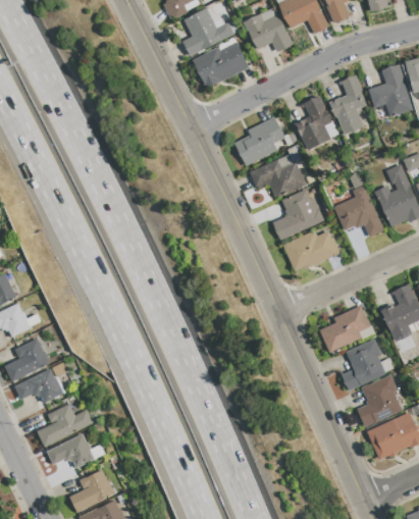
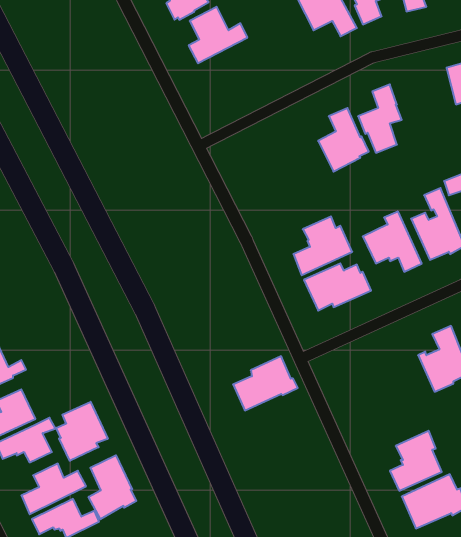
building: [243,6,293,52] -> none
building: [192,41,248,89] -> none
building: [367,63,412,116] -> none
building: [233,116,283,165] -> none
building: [249,153,305,197] -> none
building: [318,305,374,352] -> [233,356,298,410]
building: [341,339,394,391] -> none
building: none -> [56,402,108,461]
building: none -> [89,455,136,519]

